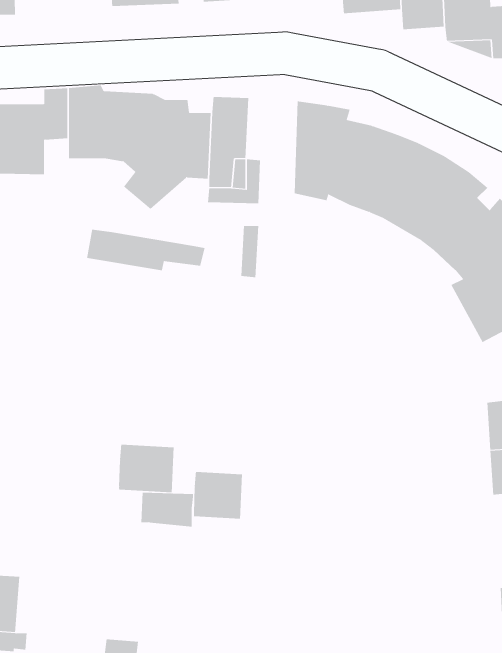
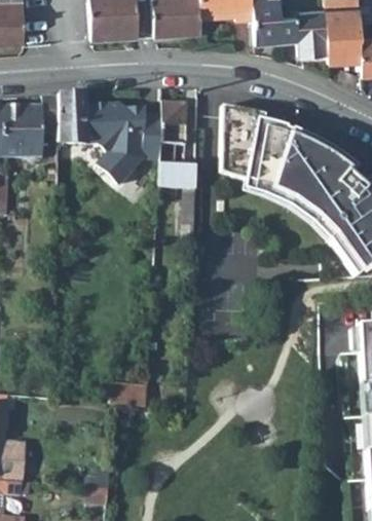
building: [87,229,205,271] -> none
building: [119,444,174,493] -> none
building: [193,471,242,519] -> none

